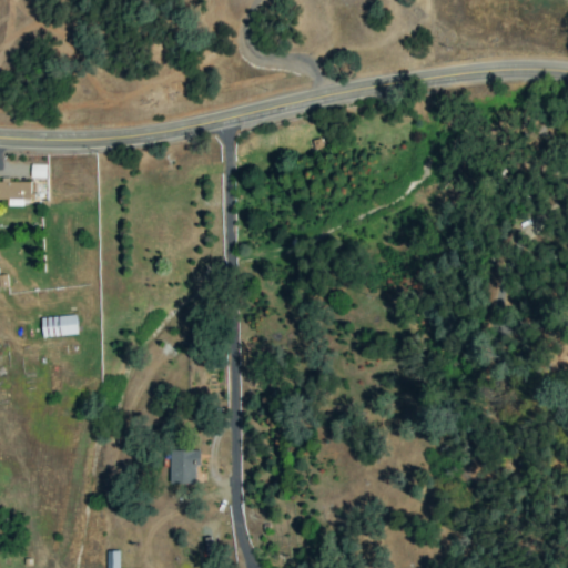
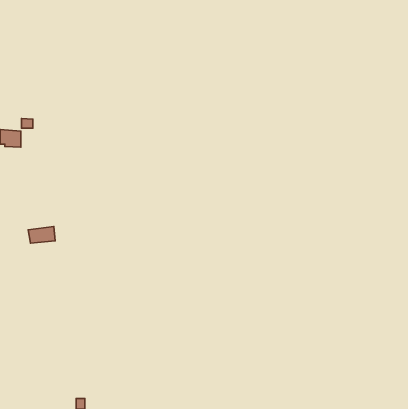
building: [171,449,196,484] -> none

